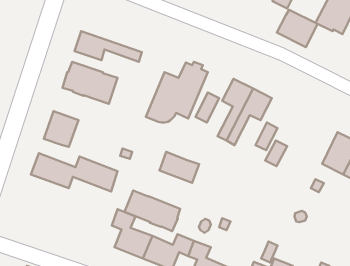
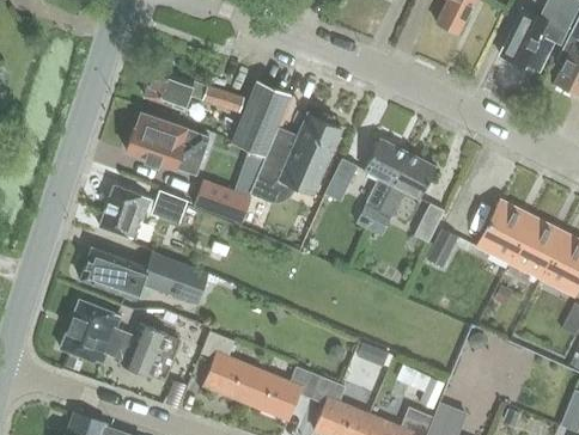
building: [277,10,318,47] -> none
building: none -> [231,80,291,157]
building: none -> [150,190,187,223]
building: none -> [476,200,532,263]
building: [160,152,199,183] -> [193,178,251,223]
building: none -> [60,299,181,376]
building: [124,190,180,231] -> none

